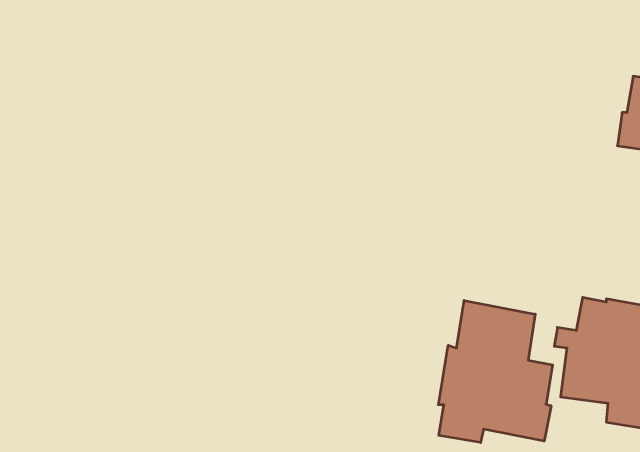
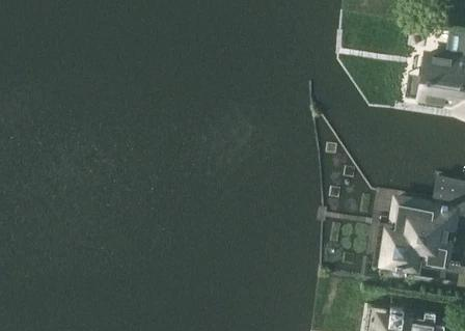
building: [438,300,553,443] -> none

